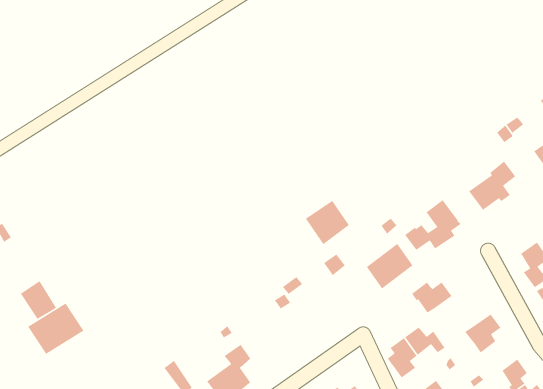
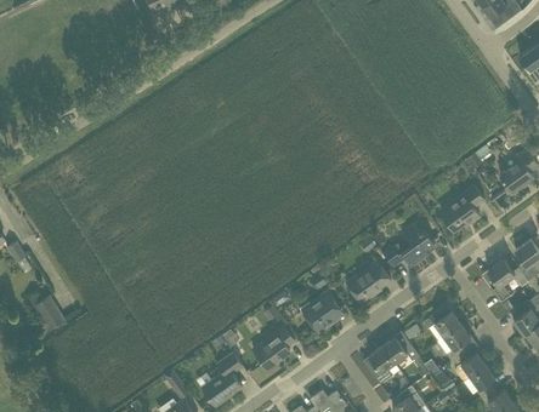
building: [305,200,350,245] -> [302,292,344,333]
building: [411,282,452,313] -> [424,311,461,341]
building: [27,303,85,355] -> none
building: none -> [256,327,295,370]
building: none -> [454,351,486,380]

